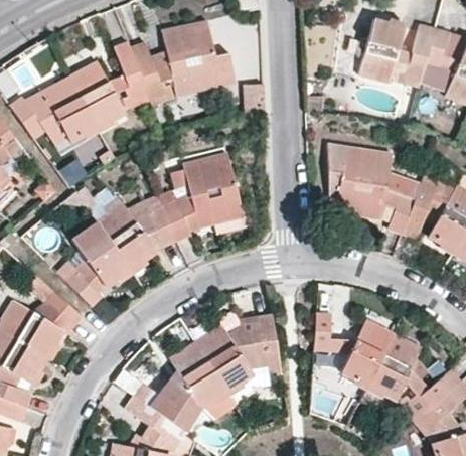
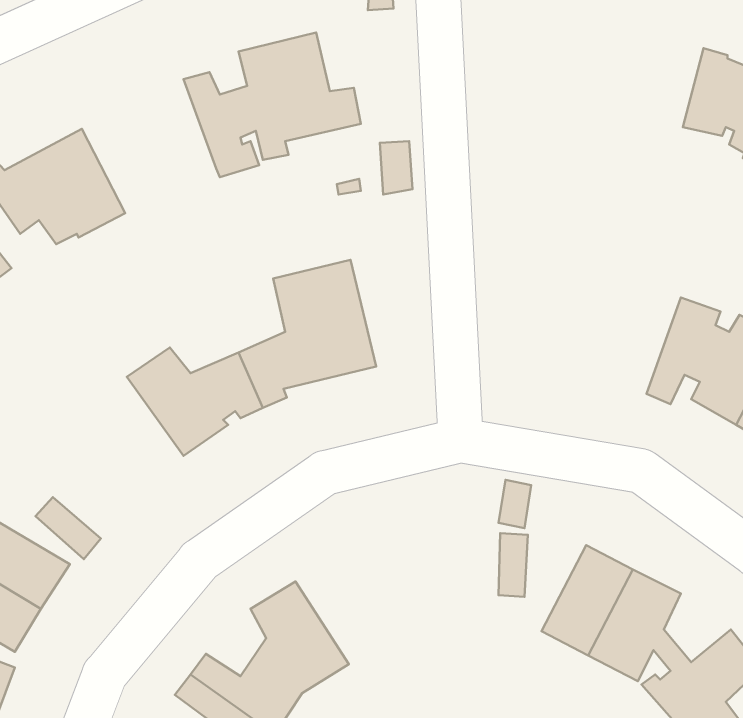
building: [359,19,435,88] -> none
building: [71,43,150,127] -> none
building: [328,145,419,233] -> none
building: [65,222,131,306] -> none
building: [196,315,282,391] -> none

